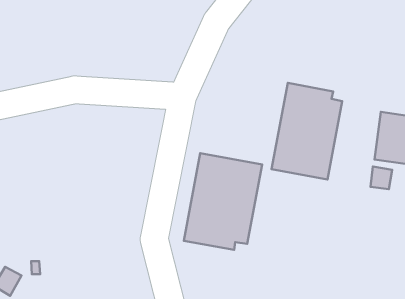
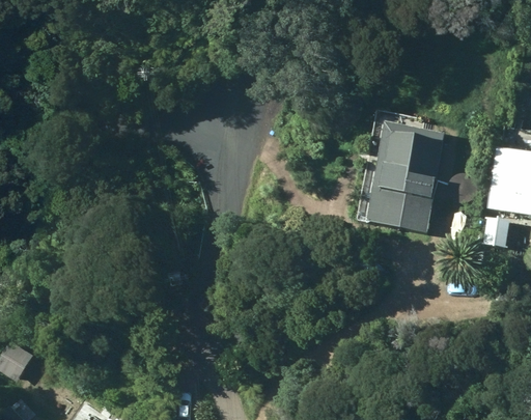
building: [184,153,262,250] -> none

